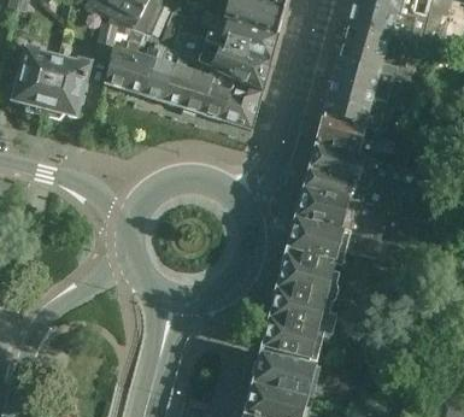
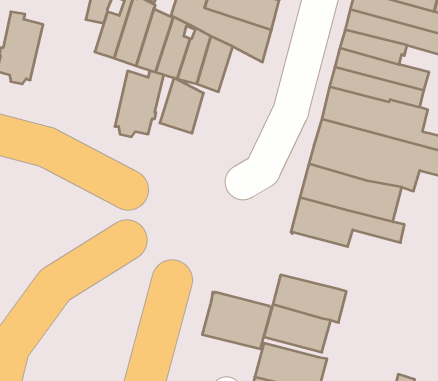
building: [42,55,88,117] -> [115,71,164,137]
building: [218,76,259,128] -> [160,78,204,133]
building: [276,249,341,303] -> [202,292,272,349]

